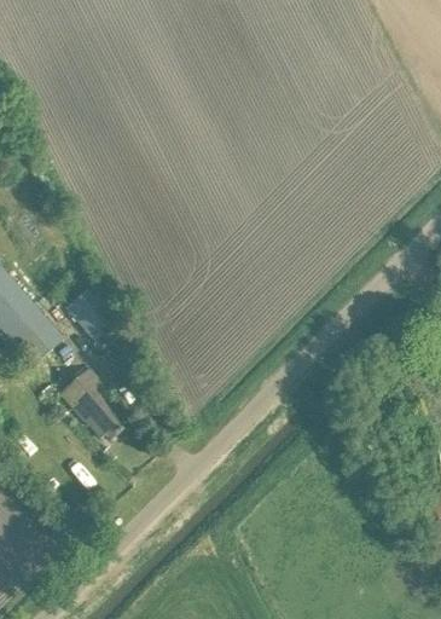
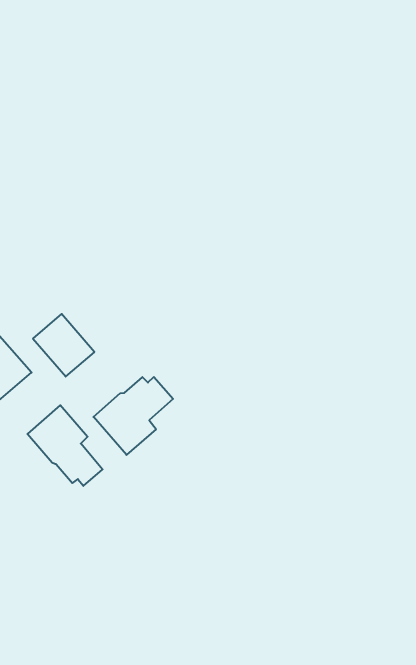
building: none -> [93,377,173,455]

